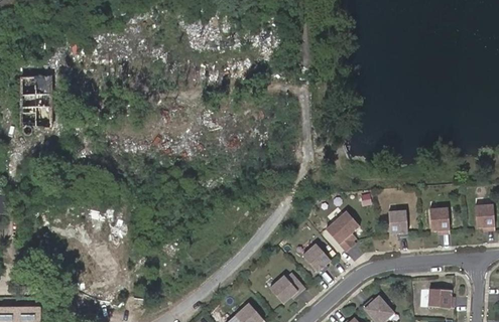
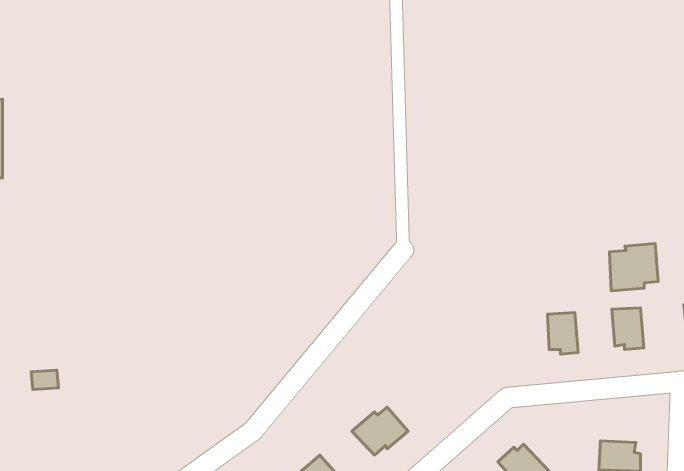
building: none -> [609,244,658,291]
building: [329,209,361,250] -> none
building: [305,242,333,272] -> none

